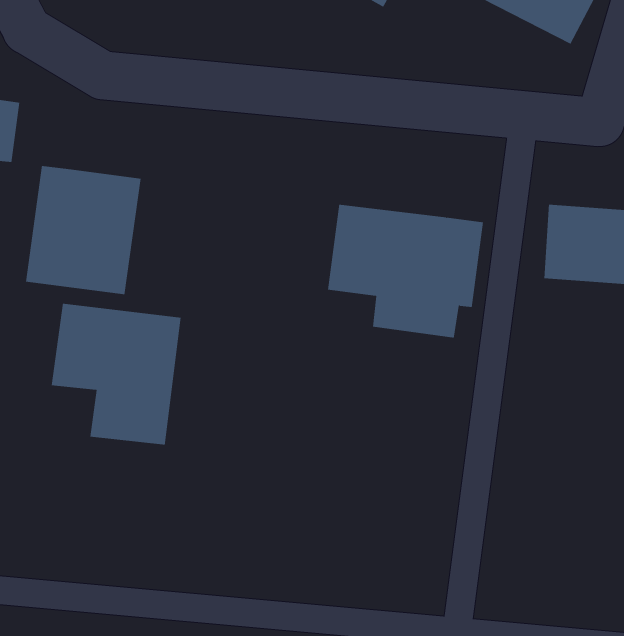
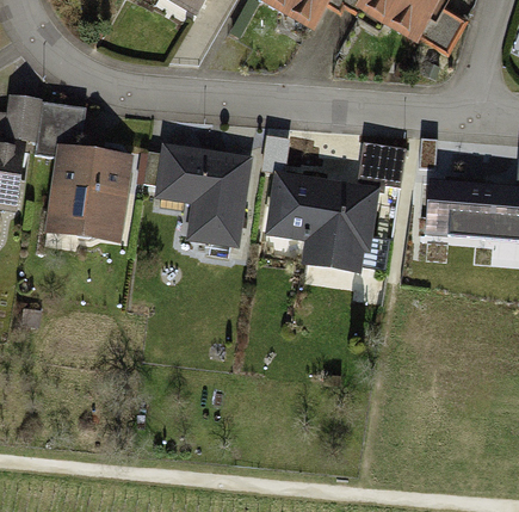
building: none -> [35,98,82,147]
building: none -> [356,142,402,189]
building: [51,303,182,445] -> [154,140,251,245]

